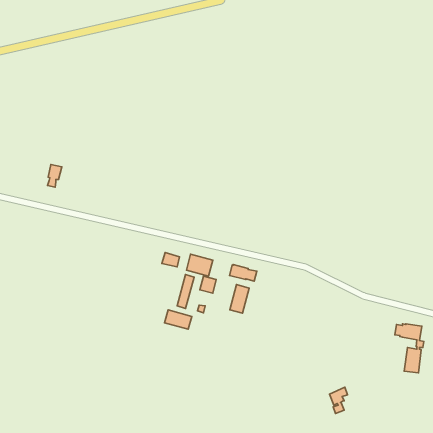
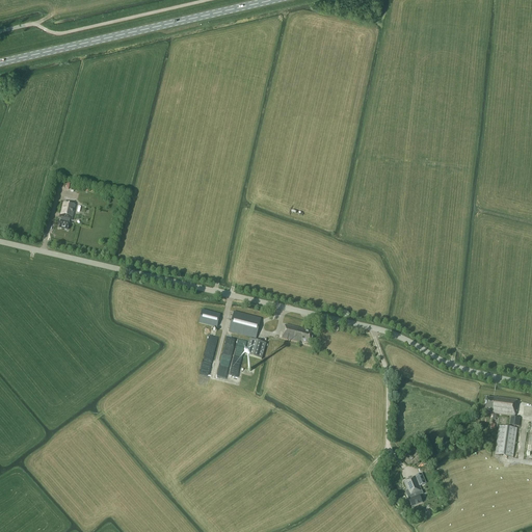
building: [230,285,249,313] -> none
building: [165,310,192,329] -> none

